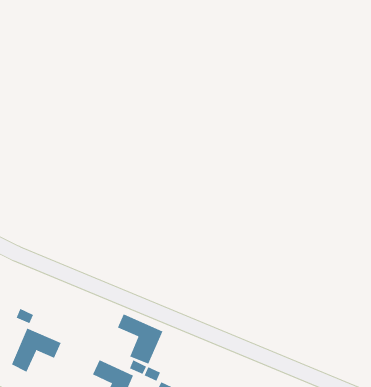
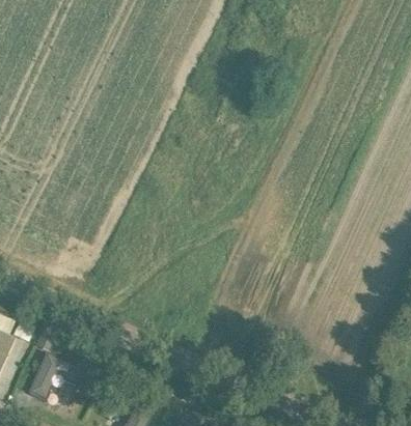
building: [117,313,163,364] -> none

